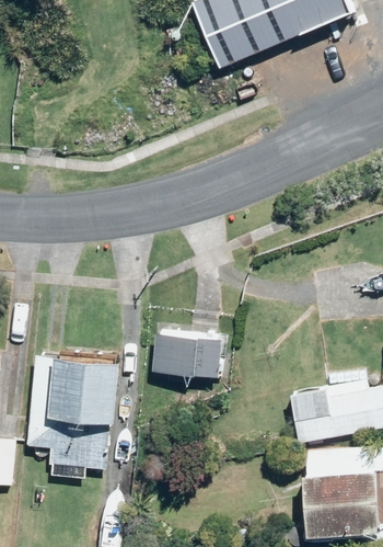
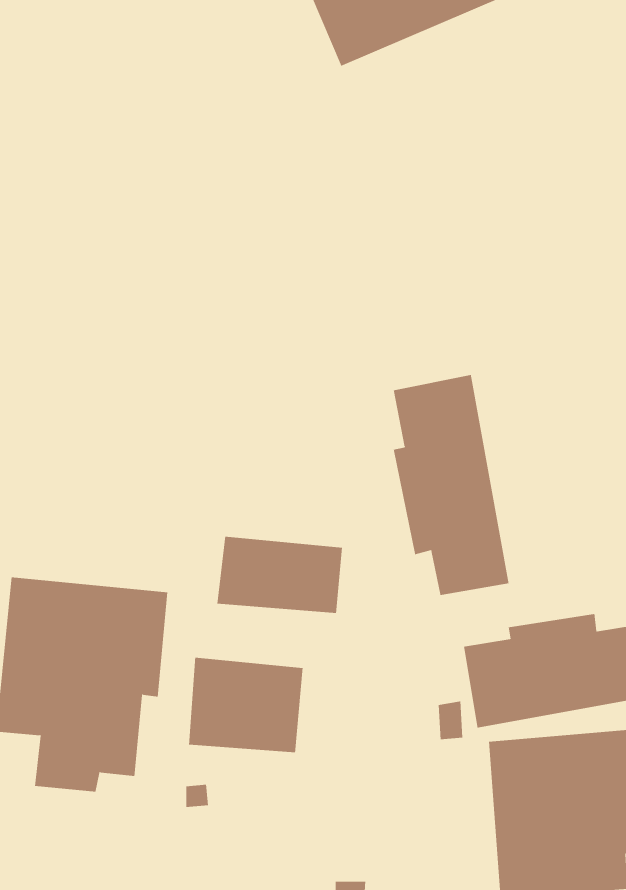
building: none -> [393,374,509,596]
building: none -> [189,657,303,753]

